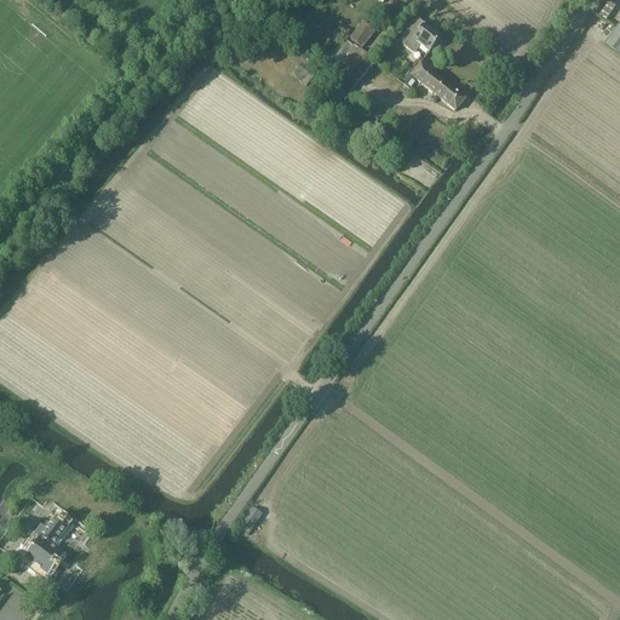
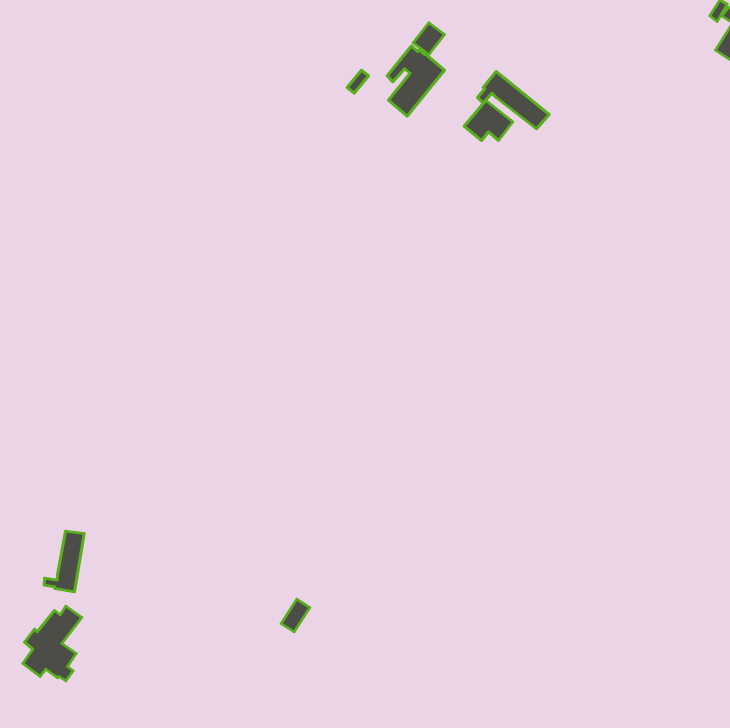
building: [401,17,442,51] -> [464,100,513,141]
building: none -> [44,531,84,592]

